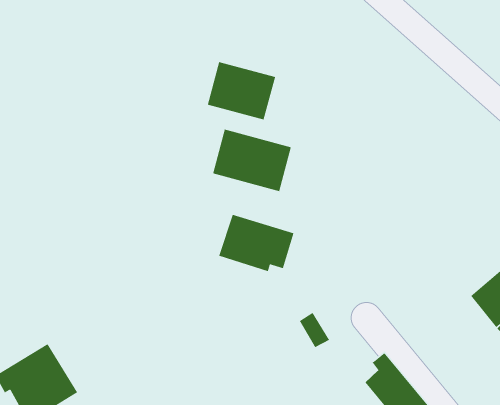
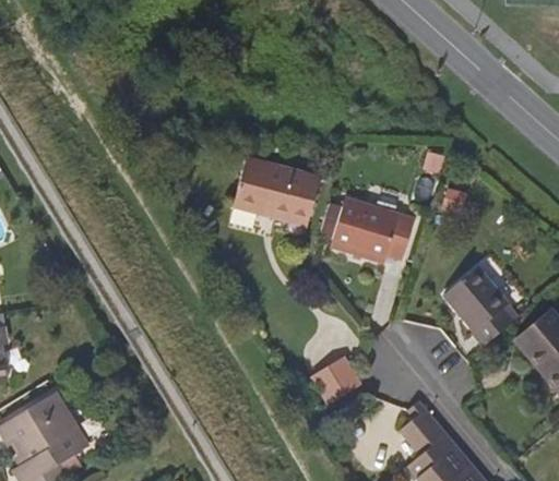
building: [207,61,276,120] -> none
building: [218,214,295,272] -> [333,193,416,256]
building: none -> [443,266,513,347]

